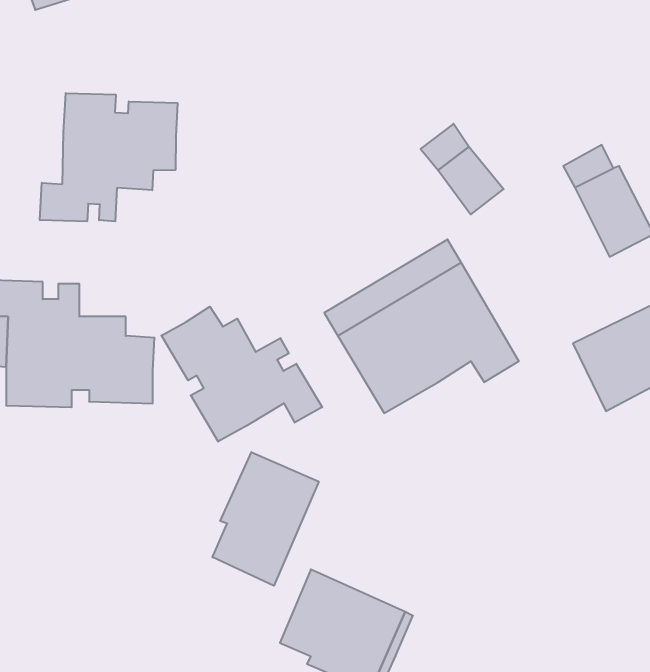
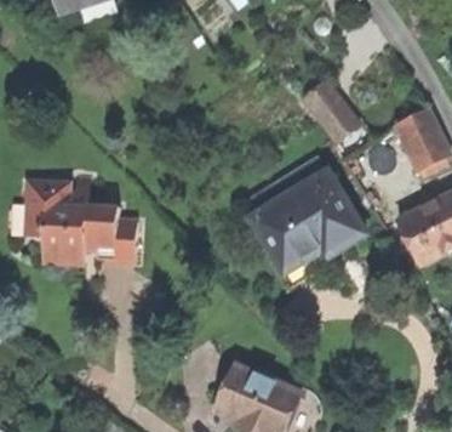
building: [40,93,177,221] -> none
building: [161,307,322,442] -> none
building: [212,452,319,586] -> none

